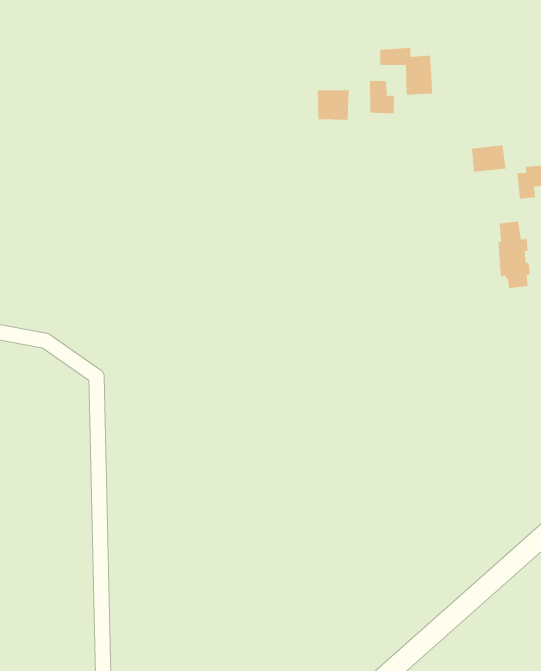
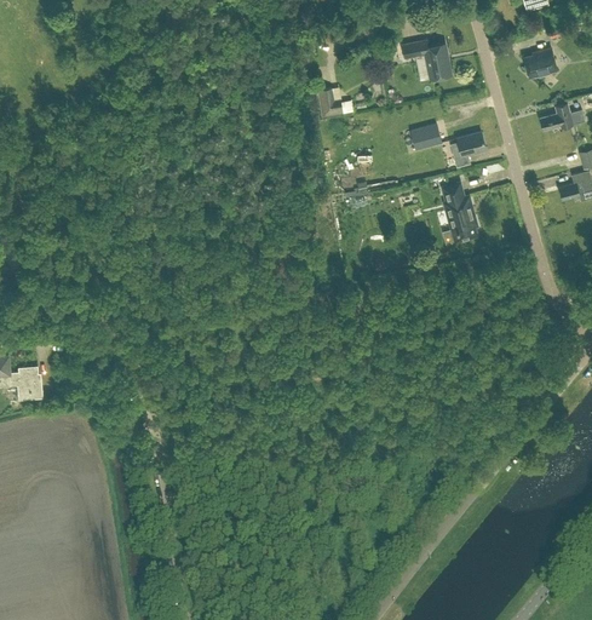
building: [379,47,433,96] -> [402,39,452,79]
building: [317,90,350,120] -> none

